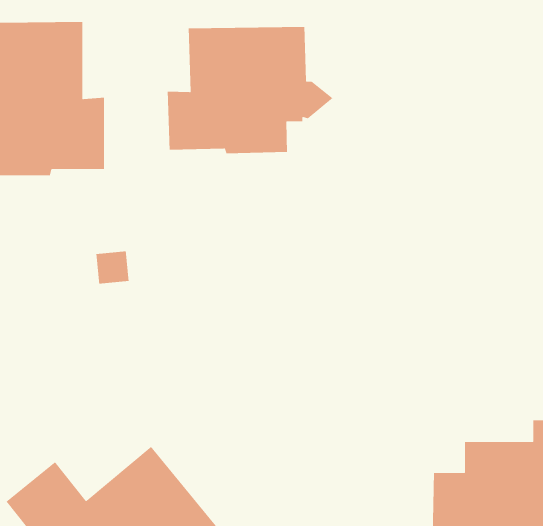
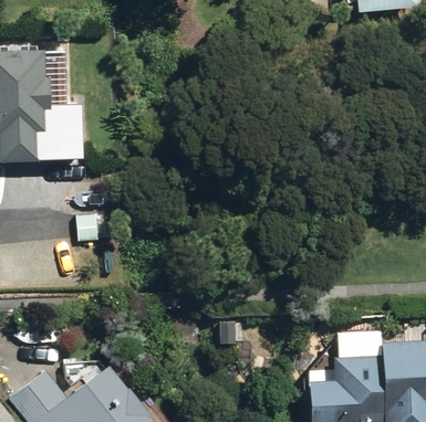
building: [167,26,334,154] -> none

